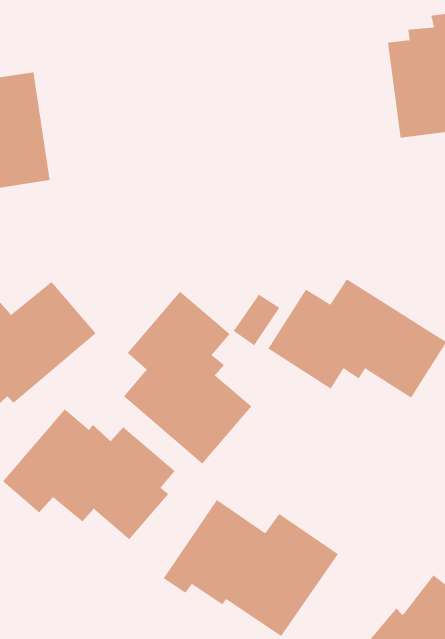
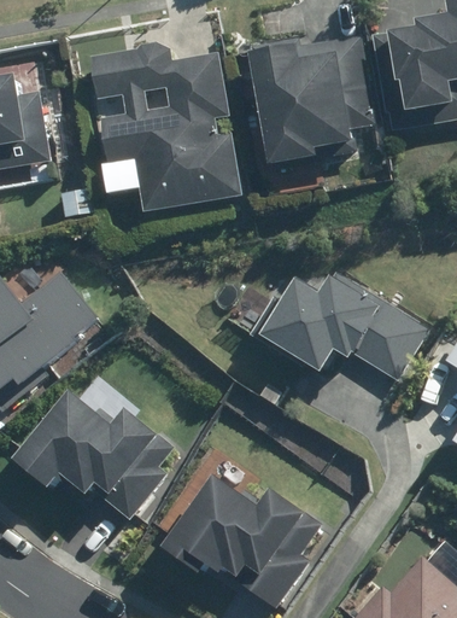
building: none -> [250,33,365,169]
building: none -> [88,42,235,211]
building: [123,291,252,465] -> none

